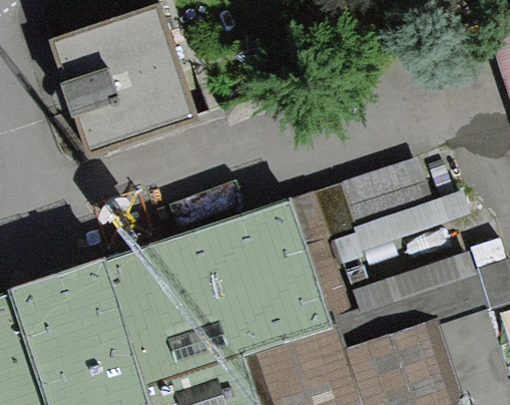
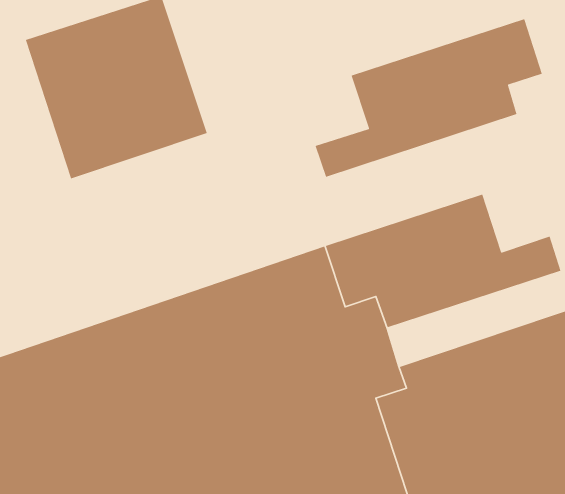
building: none -> [314,18,543,178]

